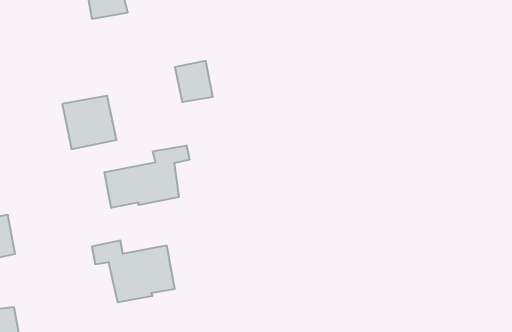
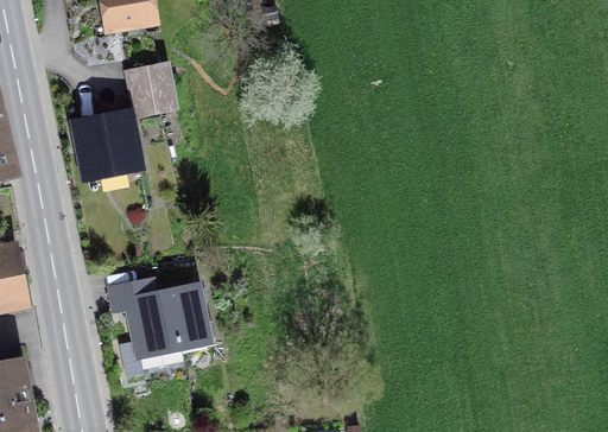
building: [175,61,213,102] -> [129,66,173,114]
building: [104,145,190,208] -> none

